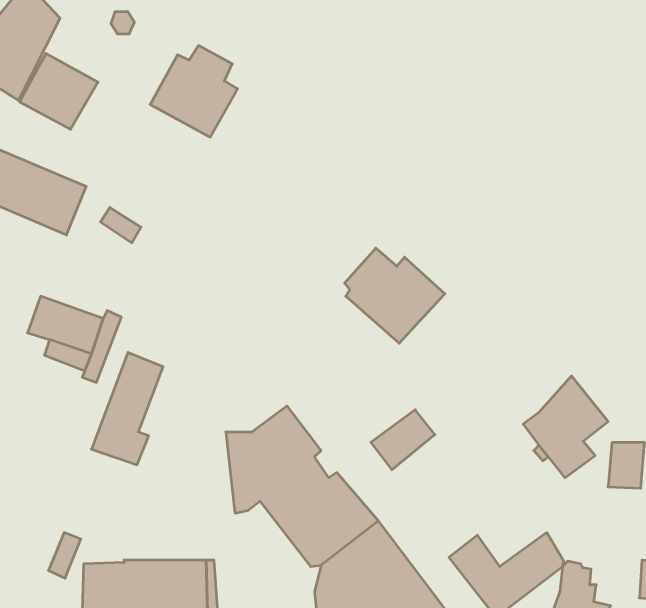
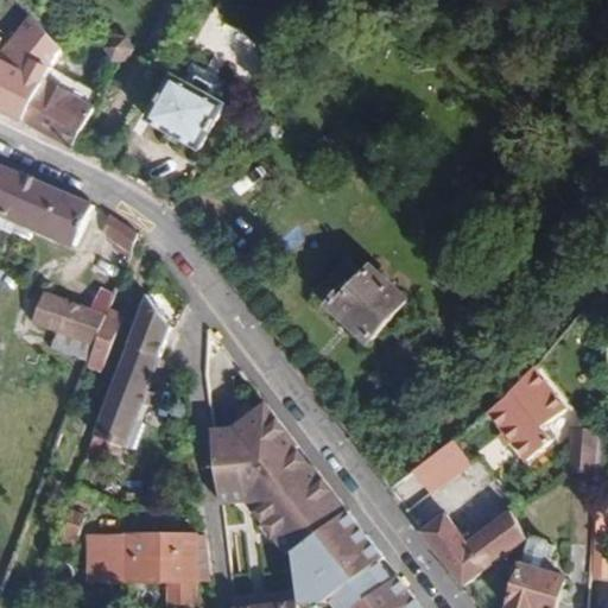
building: none -> [122,298,167,361]
building: [371,410,435,470] -> [407,443,466,498]

